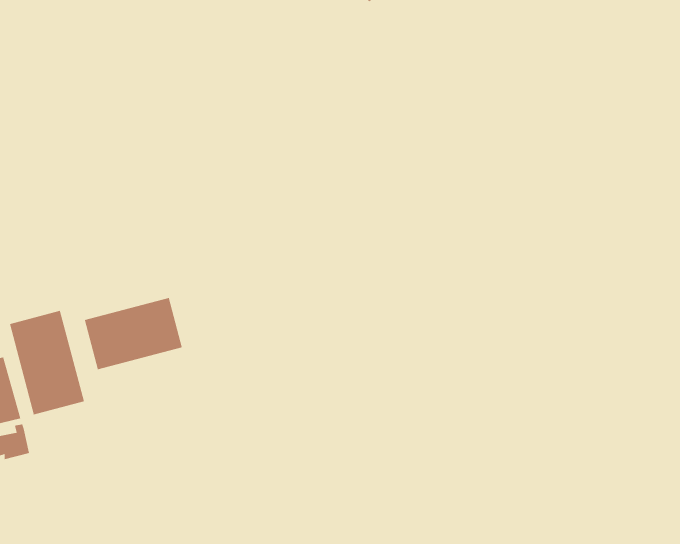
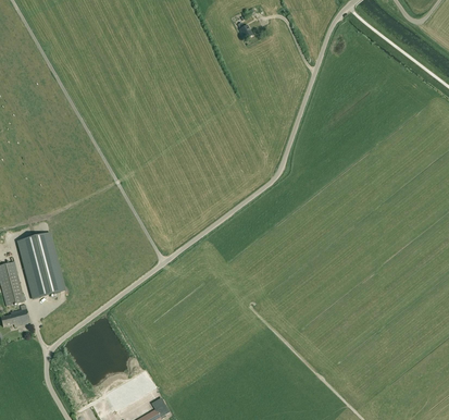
building: [84,297,182,370] -> none

